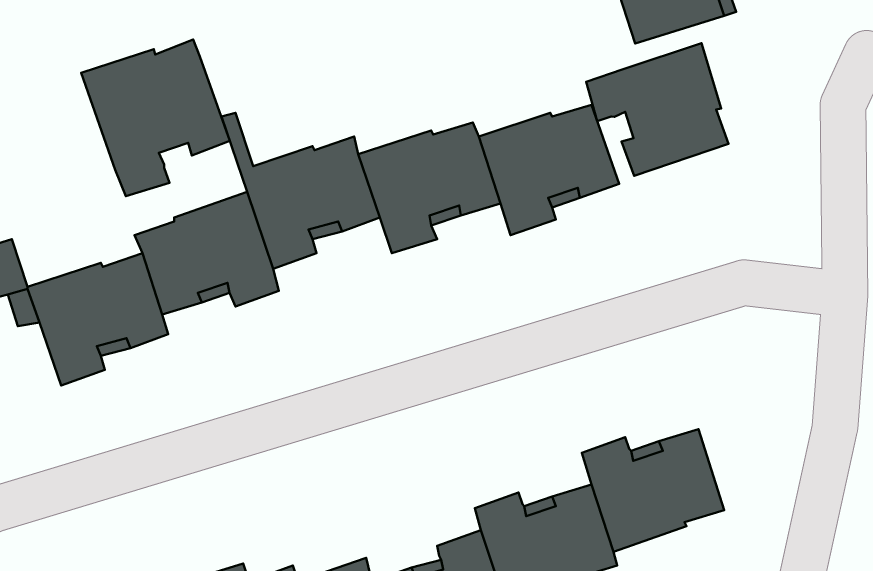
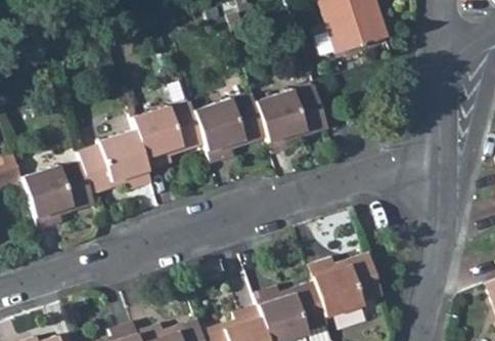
building: [81,40,230,196] -> none
building: [586,43,729,176] -> none

